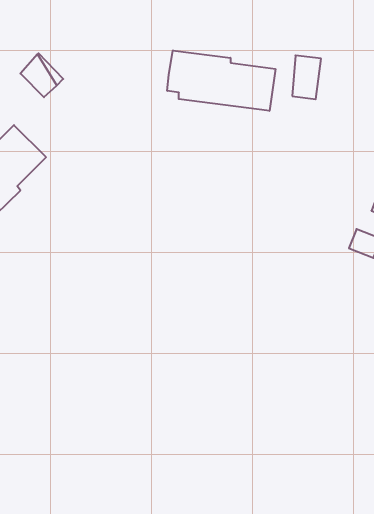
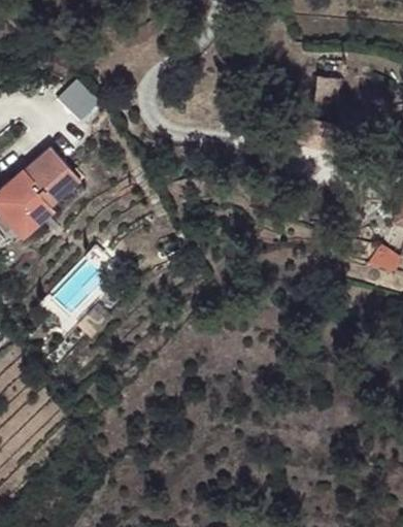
building: [167,50,275,111] -> none

